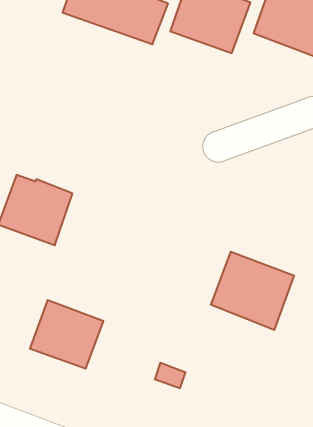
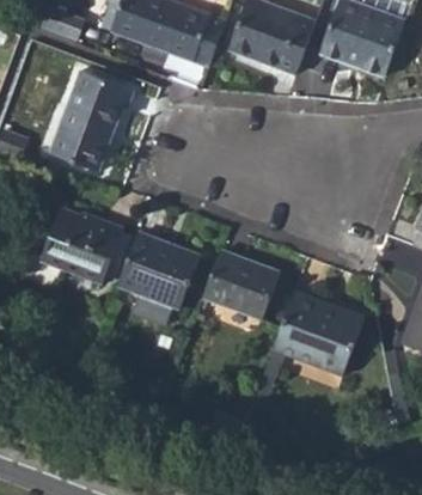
building: none -> [49,71,133,169]
building: none -> [201,249,279,319]
building: [30,300,103,368] -> [117,232,197,306]

